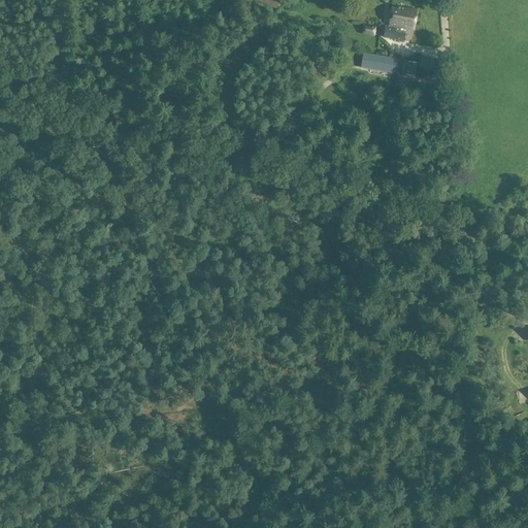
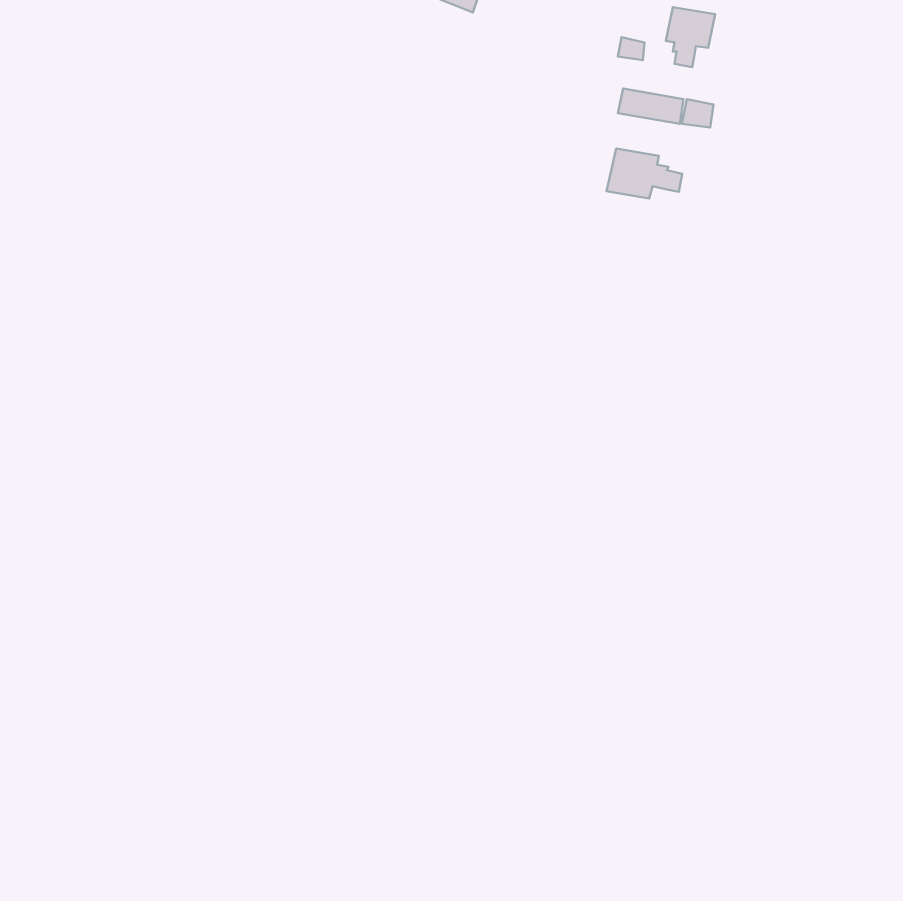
building: none -> [606,149,682,199]

